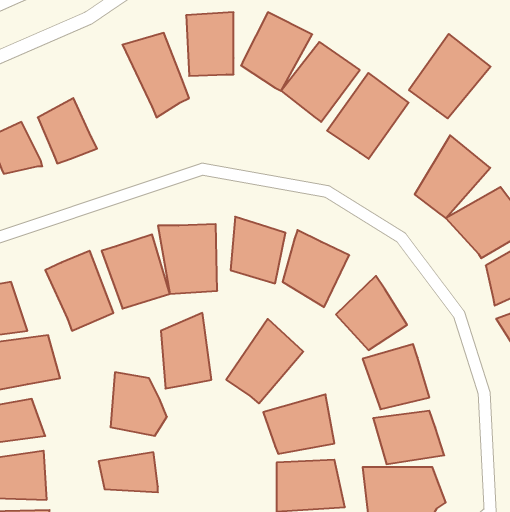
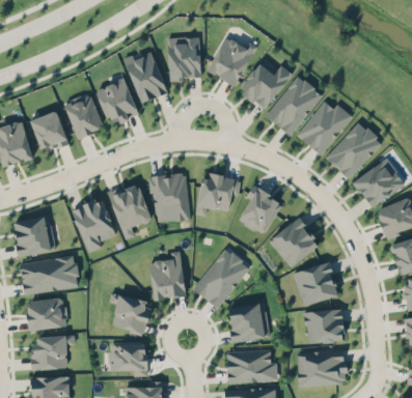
building: [409,34,491,118] -> [295,95,352,154]
building: none -> [97,72,138,120]

